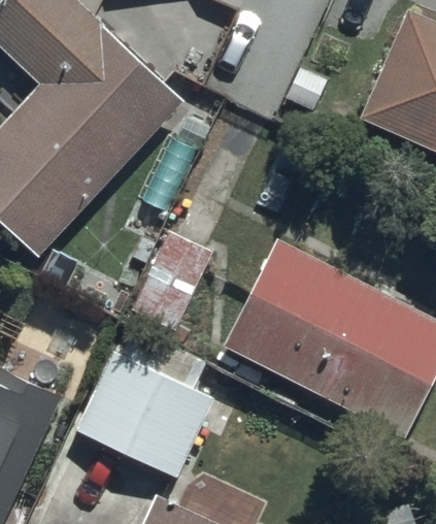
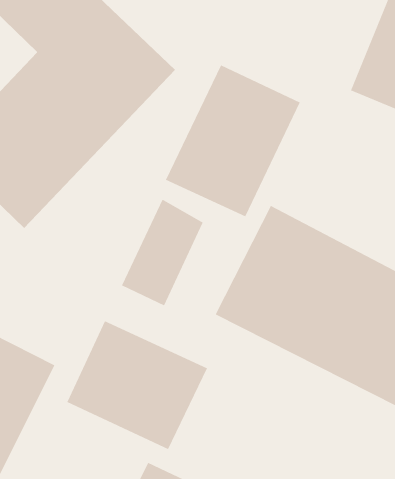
building: none -> [165,64,300,217]

